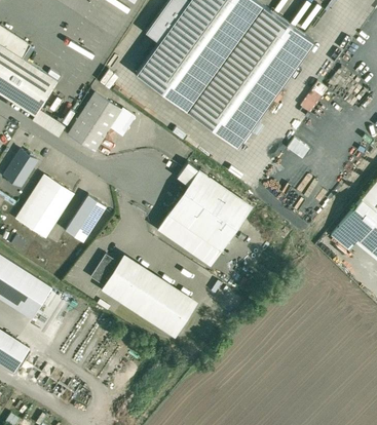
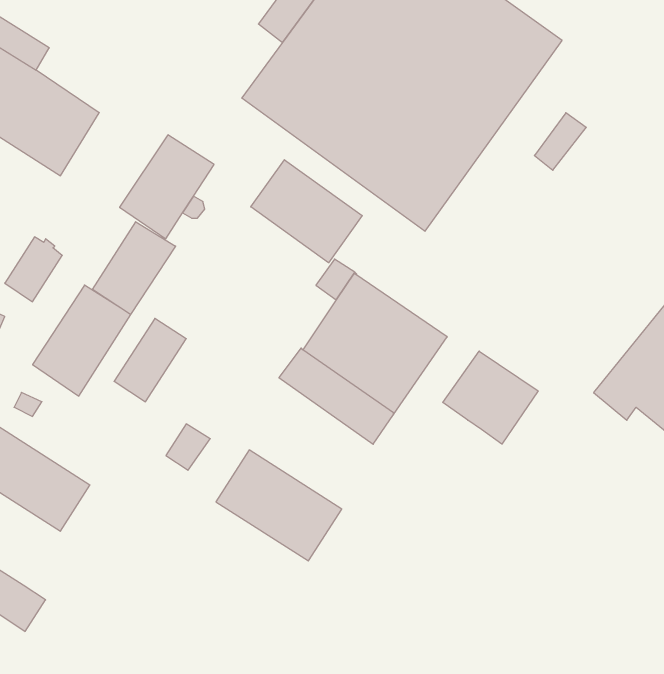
building: none -> [251,160,362,263]
building: none -> [92,222,176,315]
building: none -> [443,351,538,444]
building: [103,257,140,298] -> none

